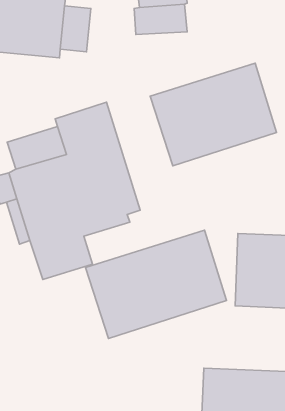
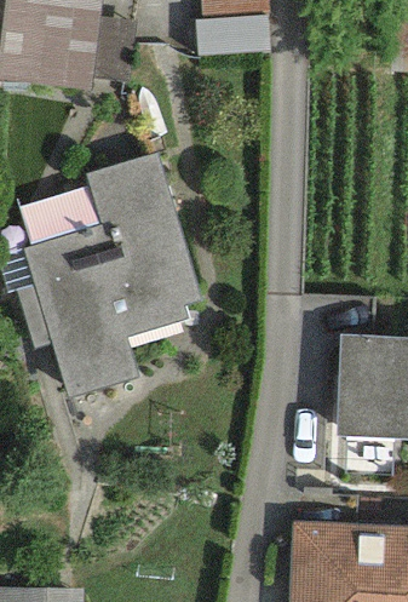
building: [150,63,277,166] -> none
building: [86,230,226,338] -> none

